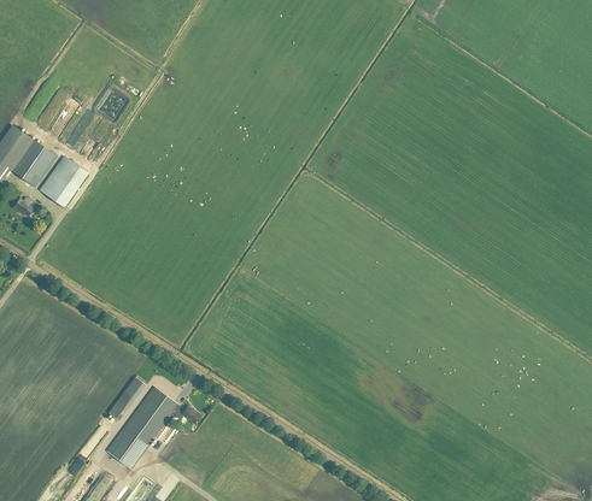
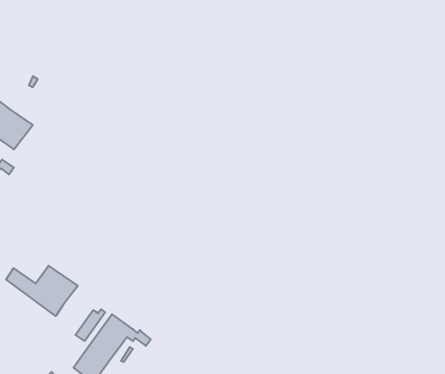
building: [39,155,88,206] -> none
building: none -> [6,266,78,316]

